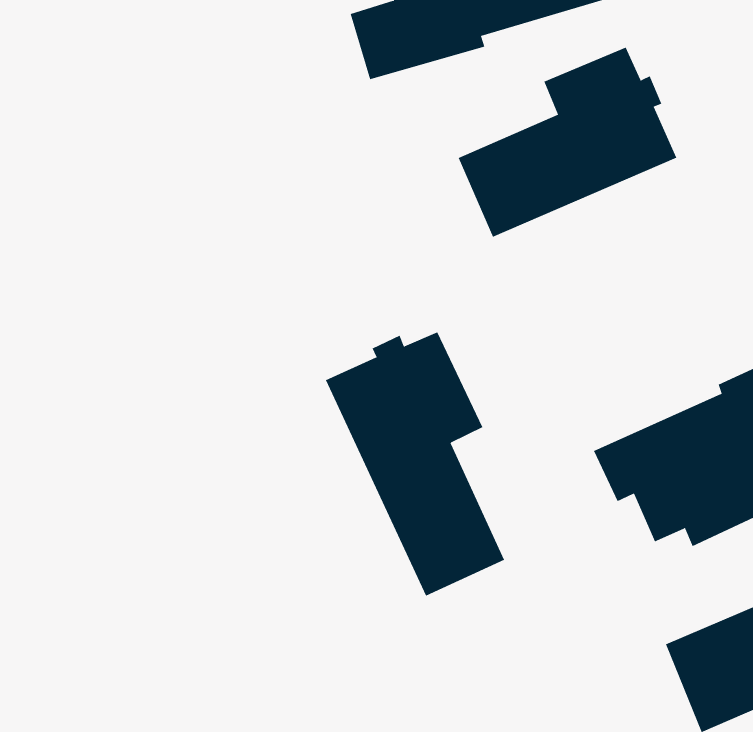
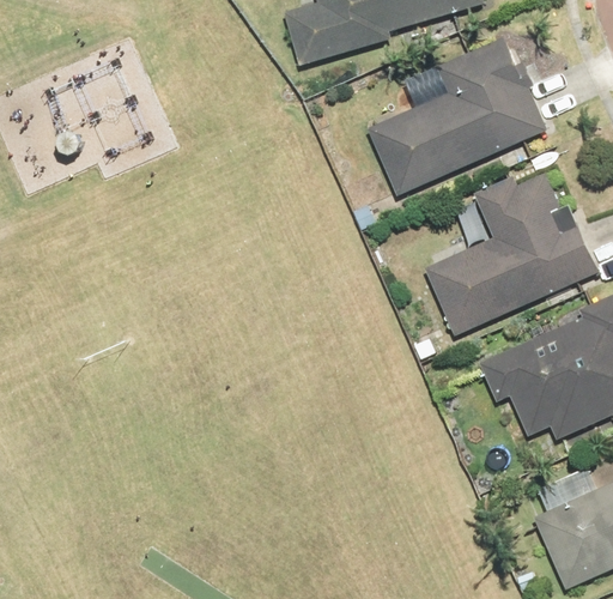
building: none -> [426,171,596,334]
building: [325,331,505,597] -> none

